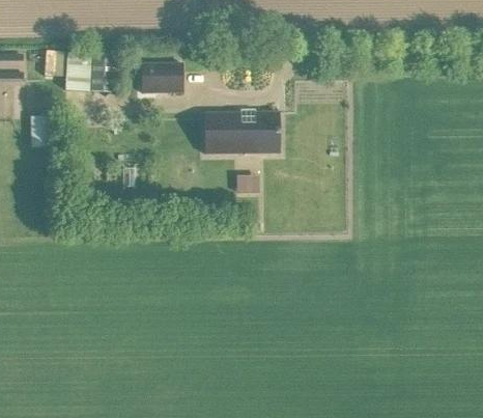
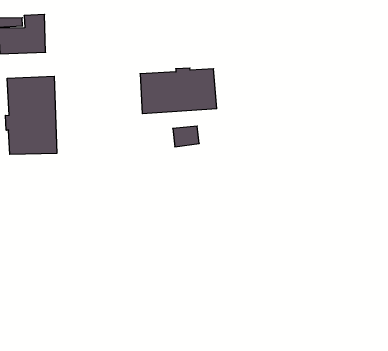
building: [139,63,181,92] -> none
building: none -> [5,76,57,154]

